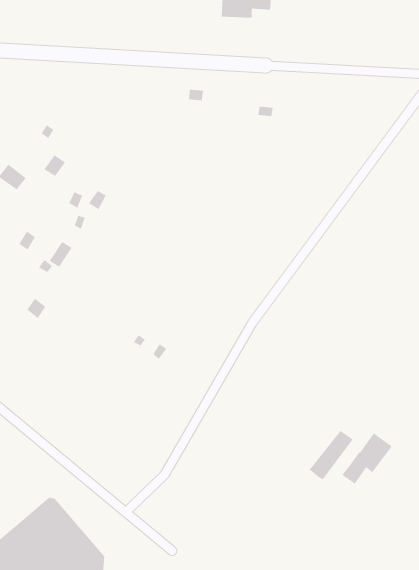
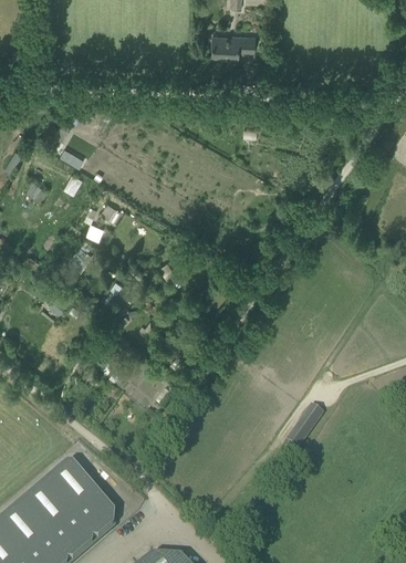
building: [341,433,392,484] -> none

